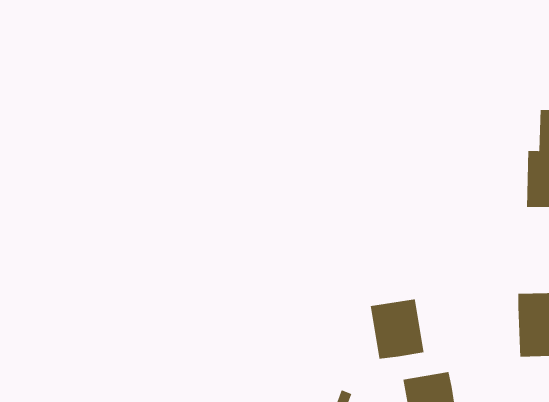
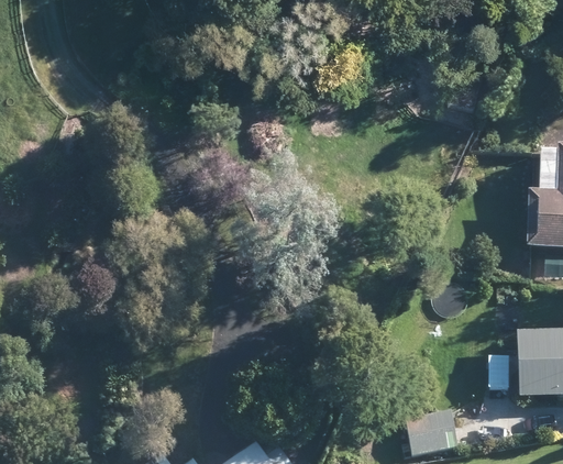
building: [370,299,424,360] -> none

